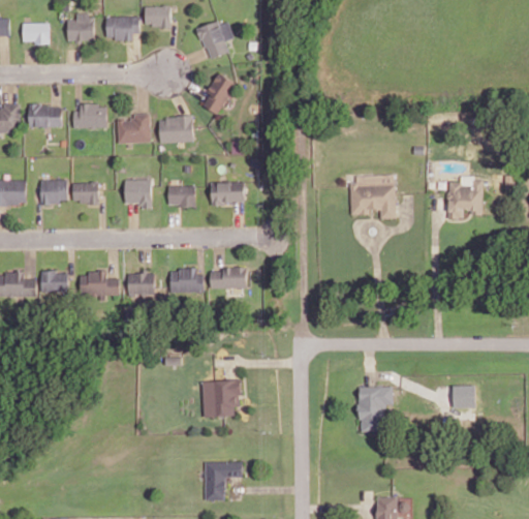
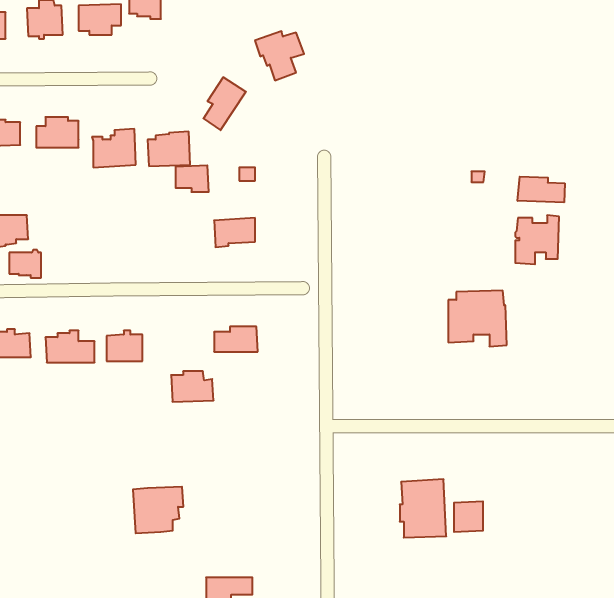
building: [196,21,235,59] -> [255,31,304,80]
building: none -> [518,177,565,202]
building: [348,176,394,219] -> [448,291,507,346]
building: [126,181,151,209] -> none
building: [73,182,98,204] -> [9,250,41,278]
building: [169,186,195,207] -> [176,165,209,192]
building: [170,269,204,293] -> [171,371,214,402]
building: [203,380,242,417] -> [133,487,183,533]
building: [452,387,474,410] -> [454,501,483,532]

